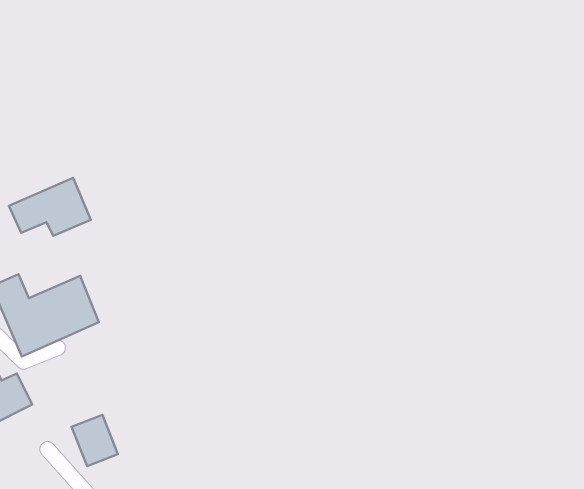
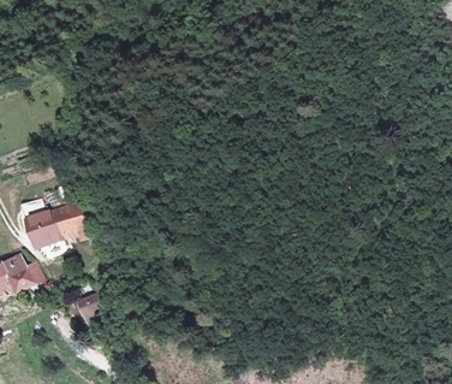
building: [9,178,91,236] -> none

